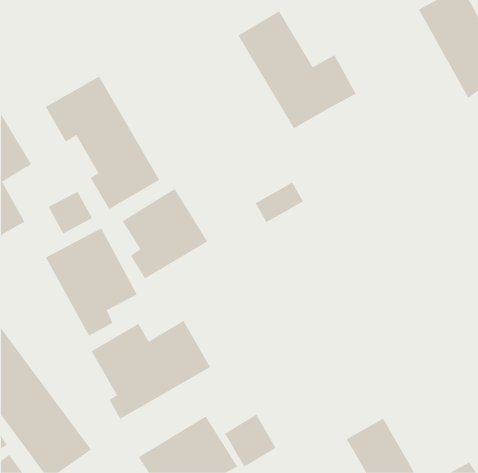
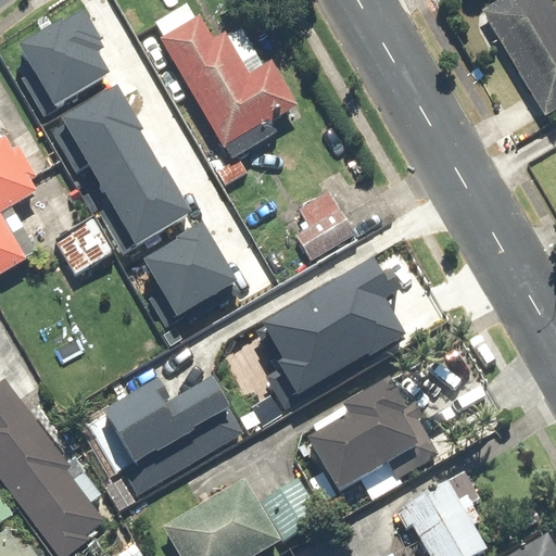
building: none -> [21,11,111,106]
building: [237,10,356,129] -> [156,11,294,149]
building: none -> [257,258,405,404]
building: [45,227,138,336] -> none
building: none -> [306,380,442,495]

